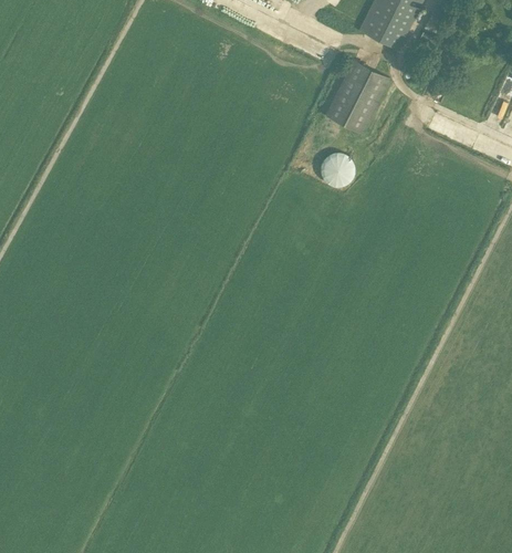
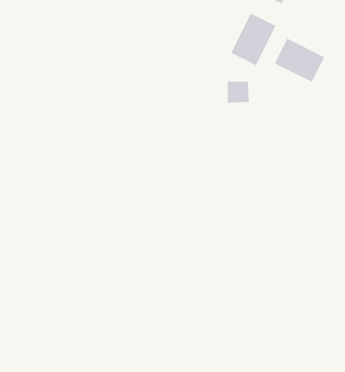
building: none -> [274,38,325,83]

